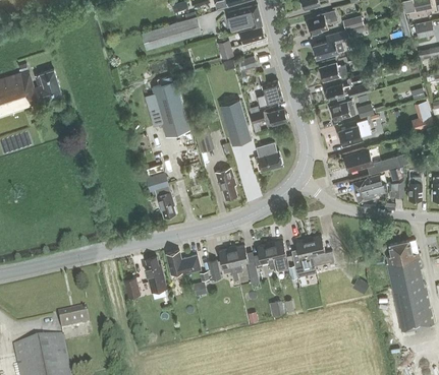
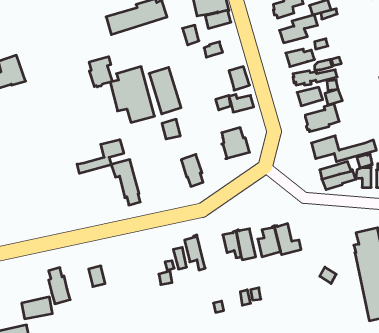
building: none -> [89,57,112,87]
building: [219,99,251,144] -> [149,67,181,114]
building: none -> [77,140,124,173]
building: [230,245,258,284] -> none
building: [165,250,200,273] -> none
building: [145,256,166,292] -> [49,268,70,304]

